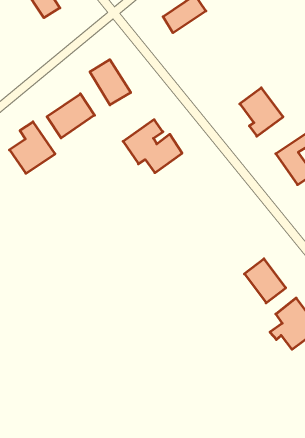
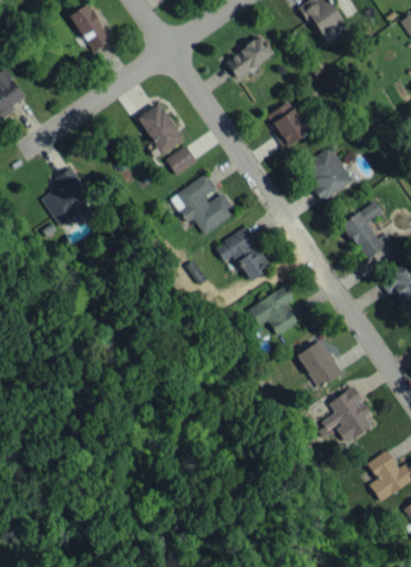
building: none -> [267,101,310,146]
building: [47,94,95,138] -> none
building: none -> [166,145,197,174]
building: none -> [215,228,271,280]
building: none -> [248,287,298,334]

